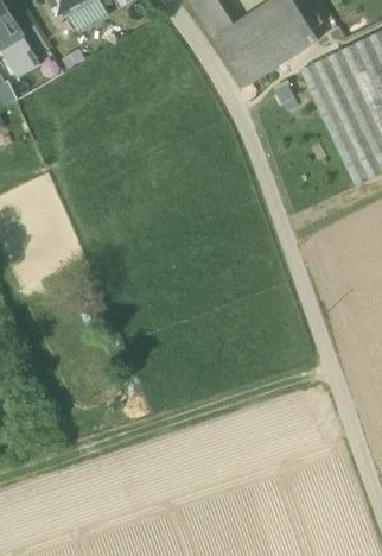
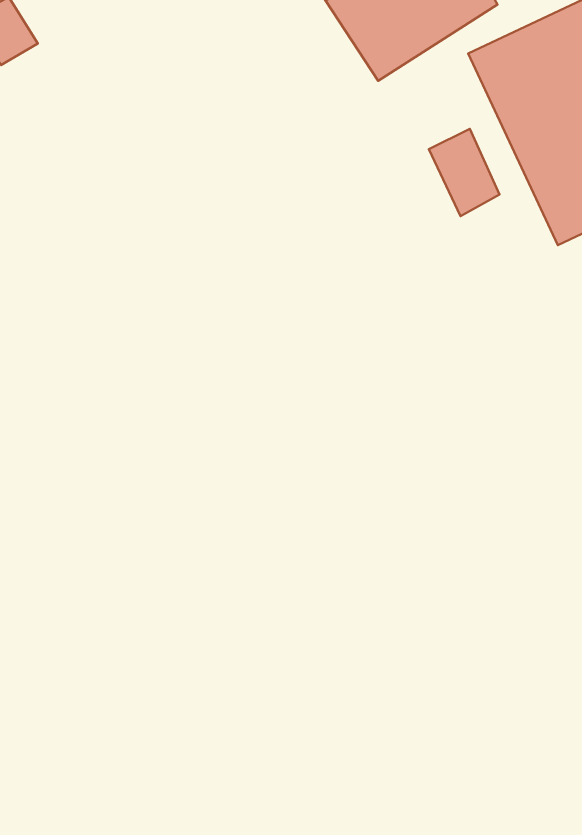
building: none -> [429,129,499,216]

